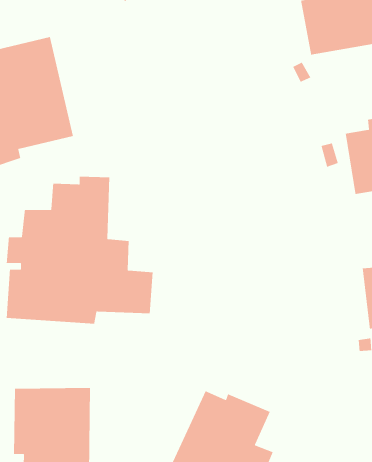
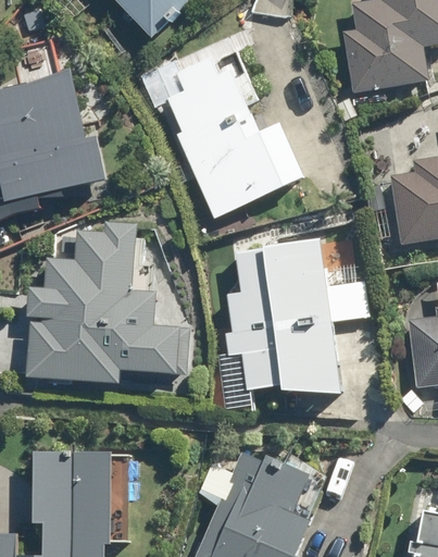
building: none -> [166,58,308,216]
building: none -> [225,239,350,396]

